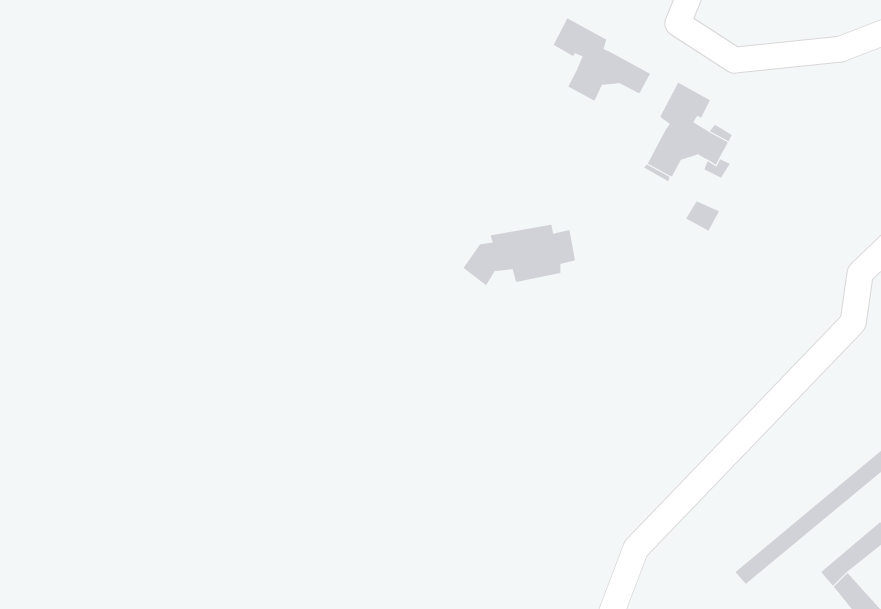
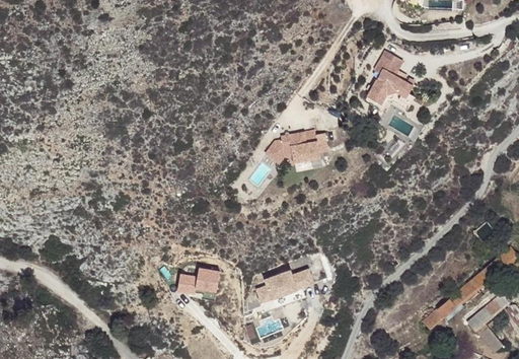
building: [553,17,651,102] -> none
building: none -> [176,268,221,295]
building: none -> [255,269,314,303]

